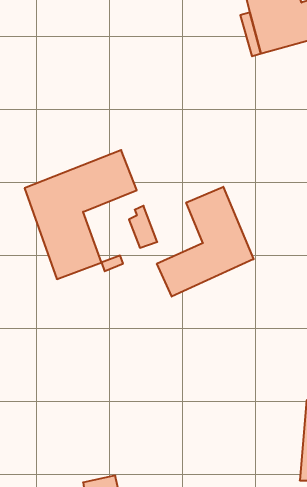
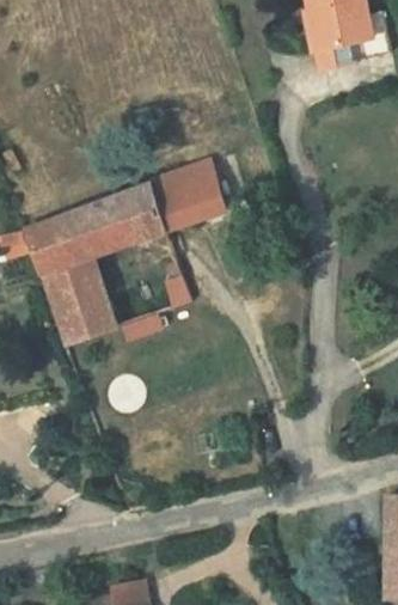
building: none -> [169,166,233,230]
building: [157,187,254,297] -> none

